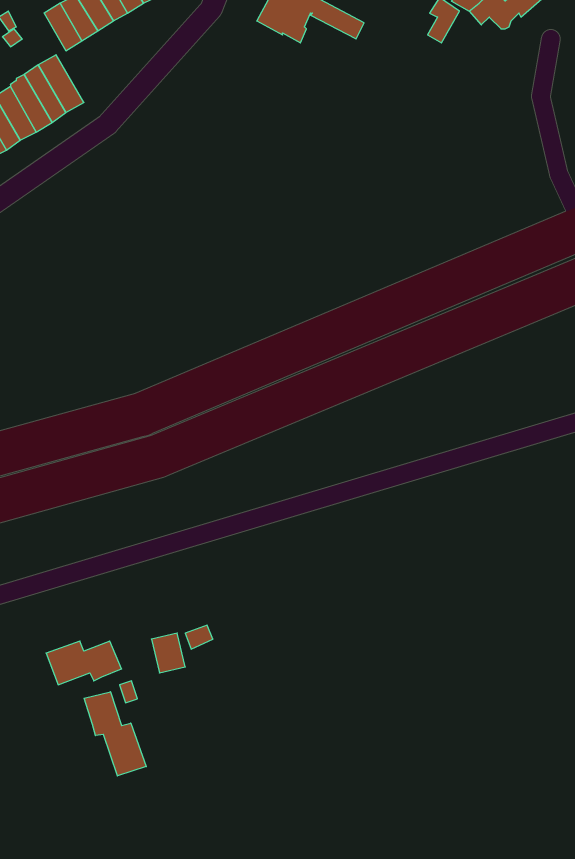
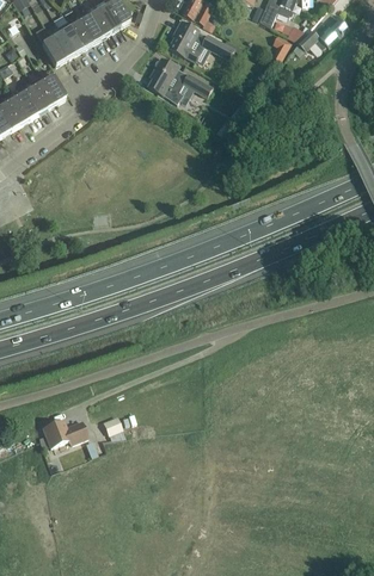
building: none -> [148,57,211,104]
building: [84,692,146,776] -> none

